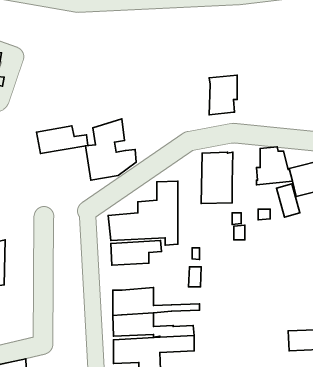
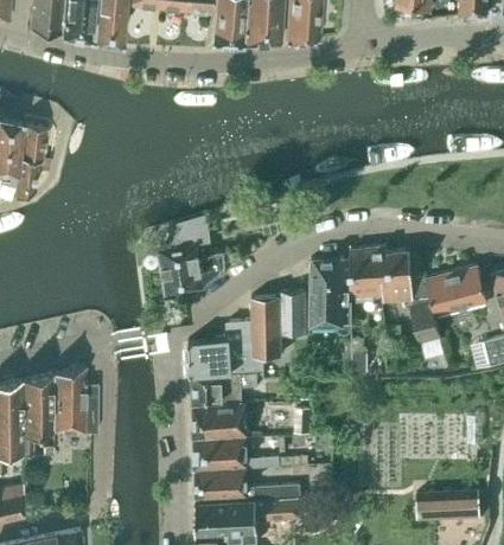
building: [209,75,237,115] -> [350,246,387,299]
building: [37,126,88,153] -> none
building: none -> [281,291,305,334]
building: none -> [51,366,97,434]
building: none -> [192,404,247,440]

